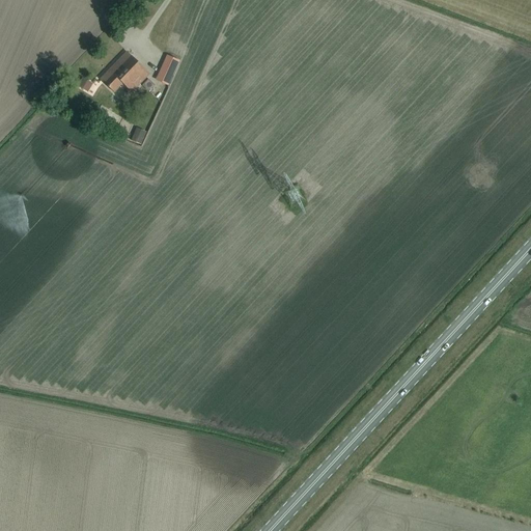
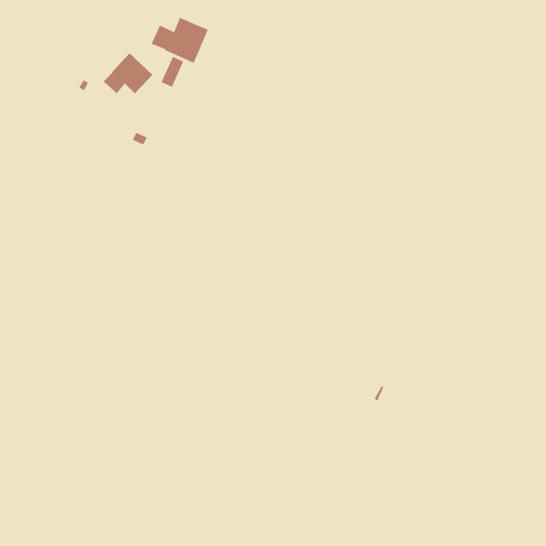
building: none -> [151,17,209,64]

